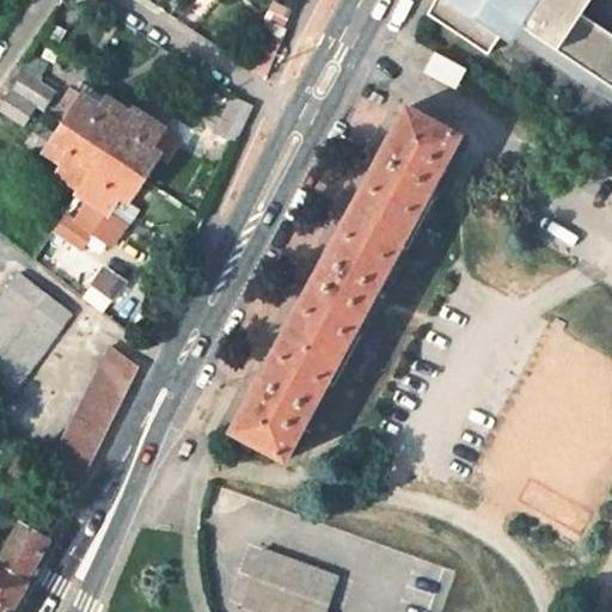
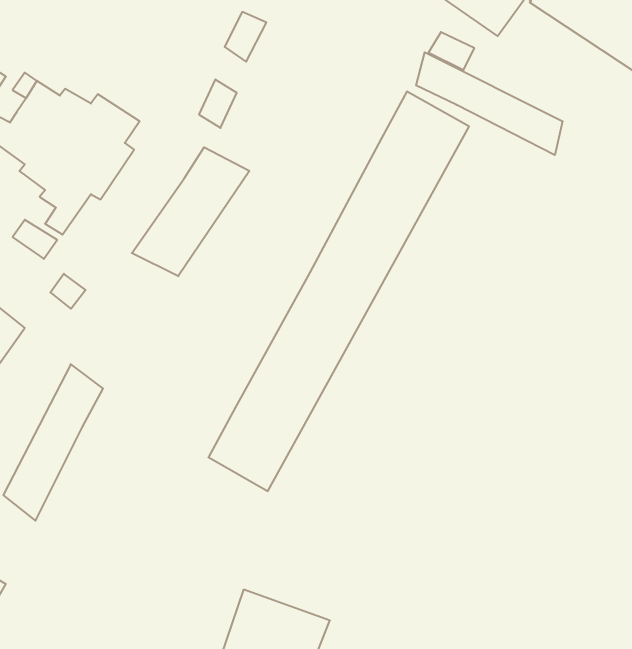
building: none -> [416,52,562,155]
building: none -> [132,147,249,276]

